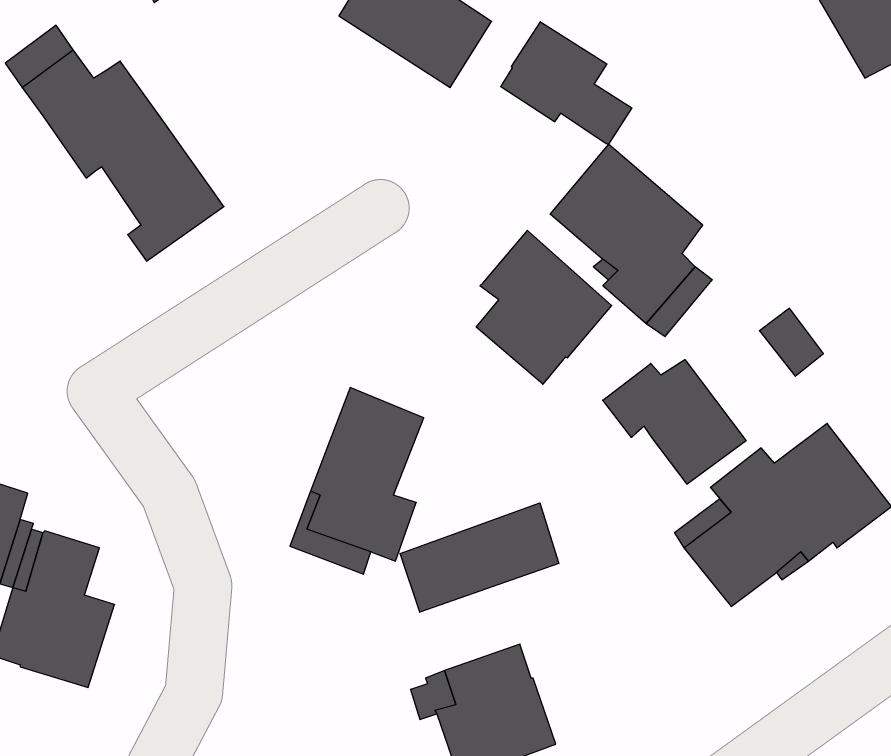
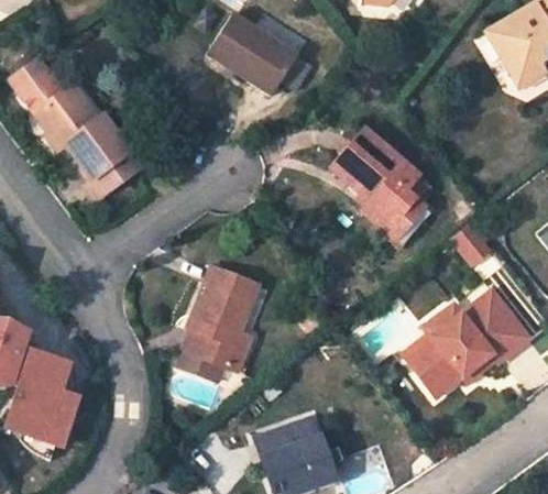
building: [501,22,632,144] -> none
building: [476,230,612,384] -> none
building: [603,360,746,484] -> none
building: [400,503,559,612] -> none

